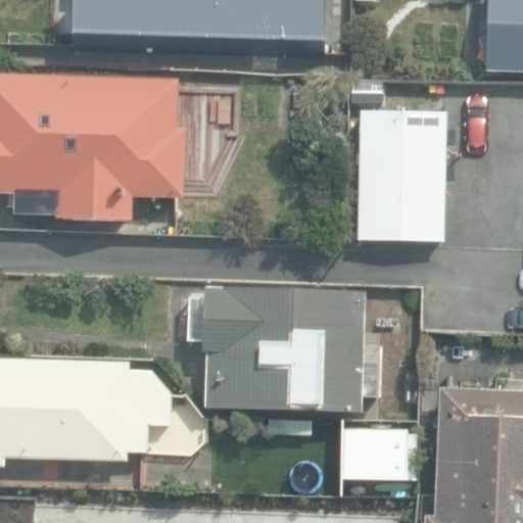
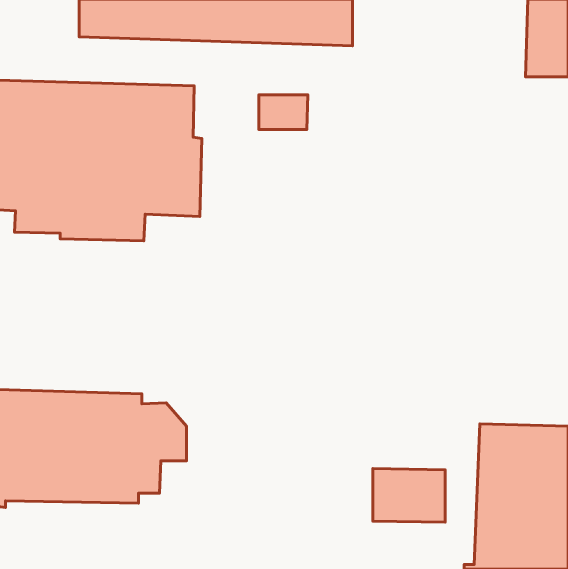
building: [358,108,446,243] -> none
building: [204,288,382,413] -> none

